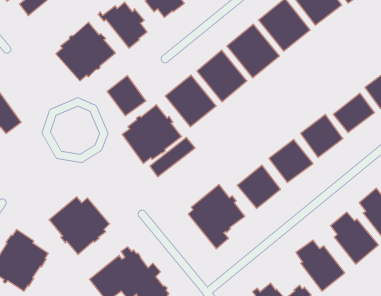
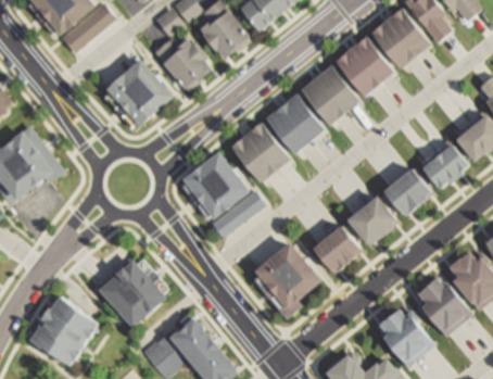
building: [107,76,146,116] -> none

